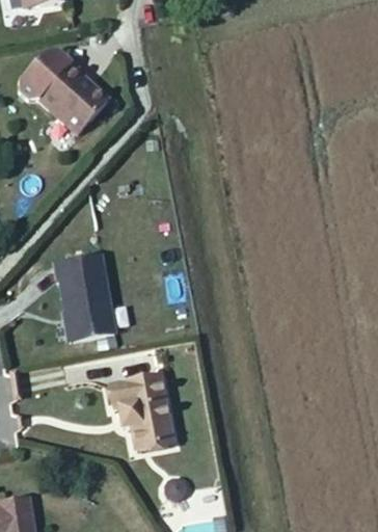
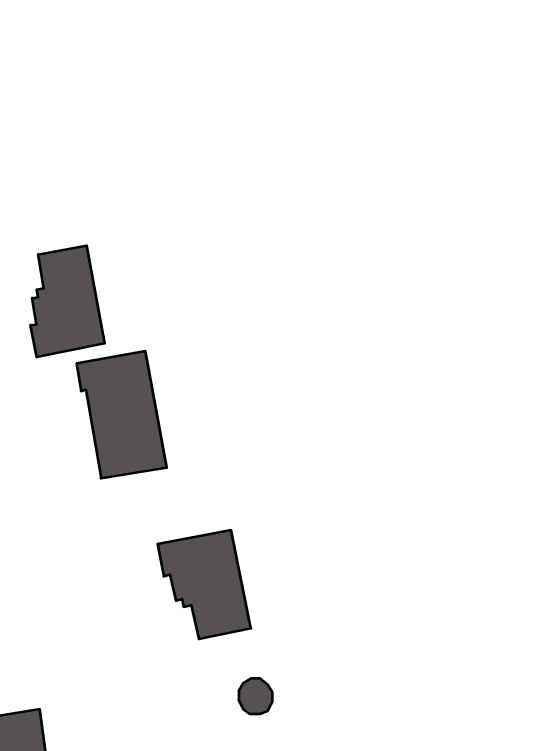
building: [20,50,109,133] -> none
building: none -> [31,246,105,357]

